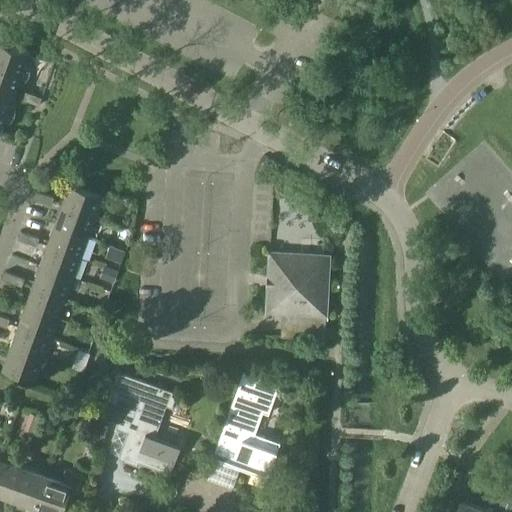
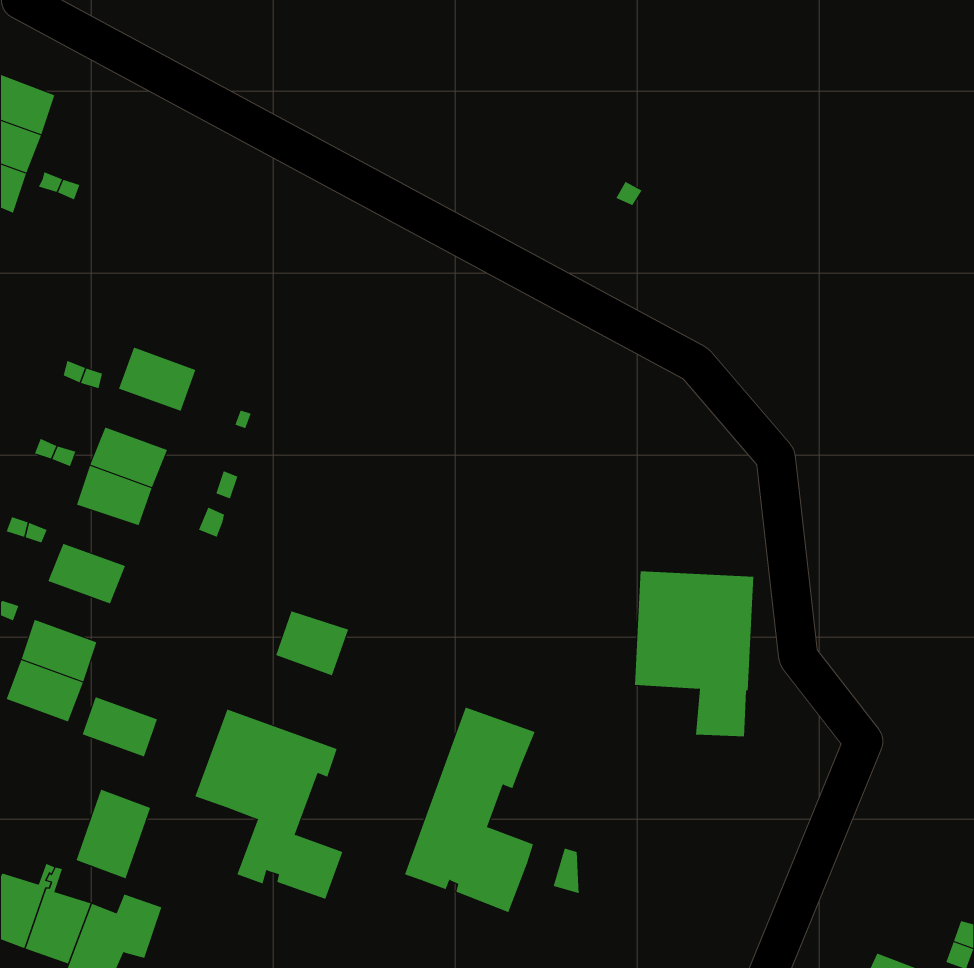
building: [55,207,95,239] -> none
building: [267,254,330,341] -> [634,571,754,737]
building: [33,268,73,300] -> none
building: [18,308,58,340] -> [82,696,158,757]
building: none -> [275,611,349,676]
building: none -> [76,789,151,879]

